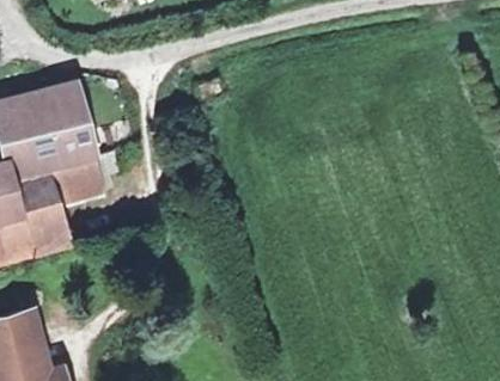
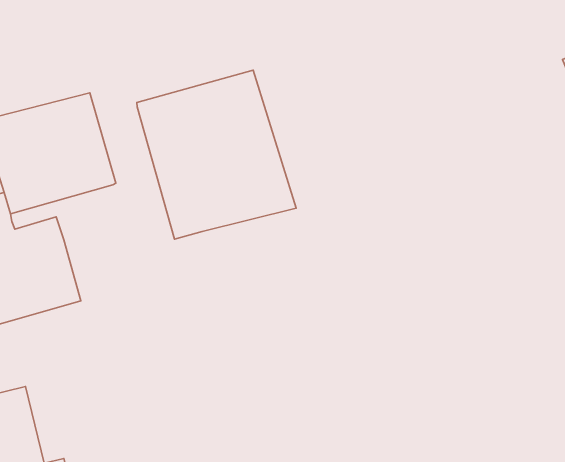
building: none -> [137,70,296,239]
building: [51,159,105,196] -> none

